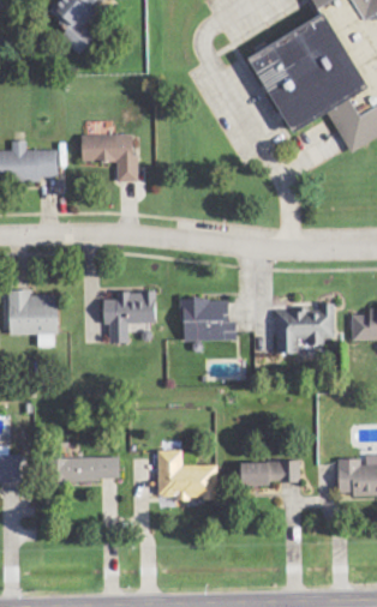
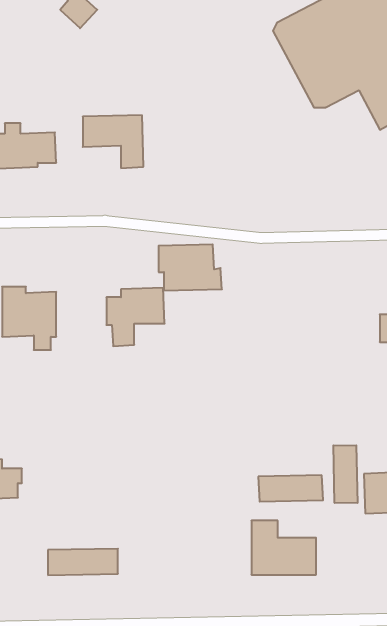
building: [179,299,237,341] -> [159,244,222,291]
building: [275,304,334,353] -> none
building: none -> [333,445,357,503]
building: [157,449,216,498] -> [251,521,316,575]
building: [55,457,119,481] -> [48,549,118,575]

